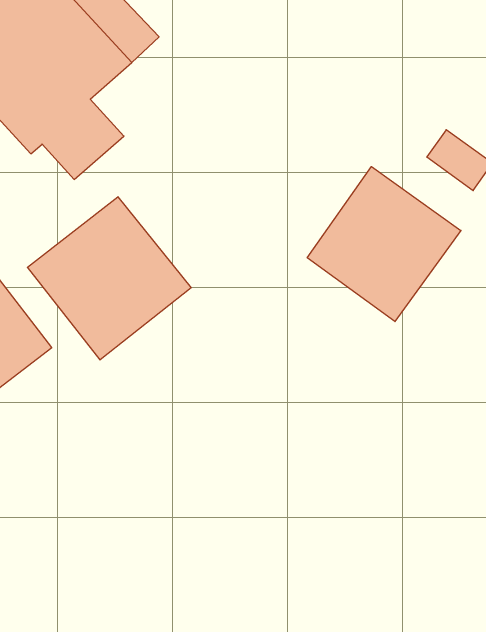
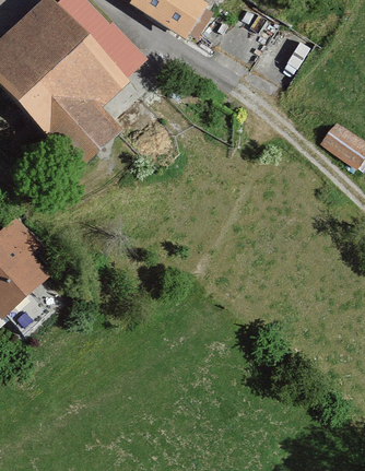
building: [307,167,461,322] -> none
building: [27,197,191,360] -> none

